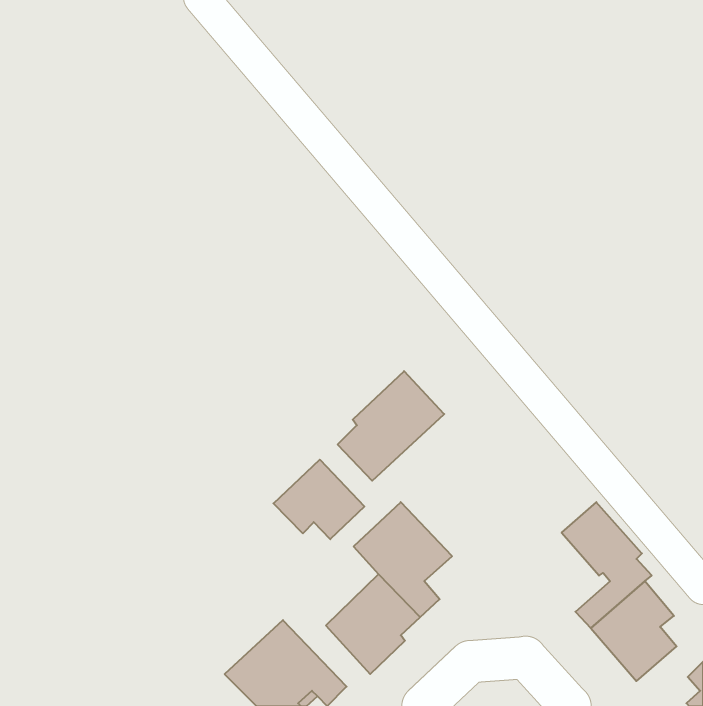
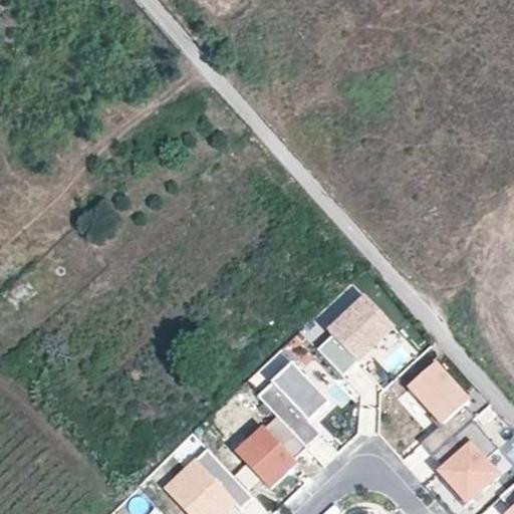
building: [338,371,444,481] -> [315,296,393,375]
building: [273,460,364,539] -> none

